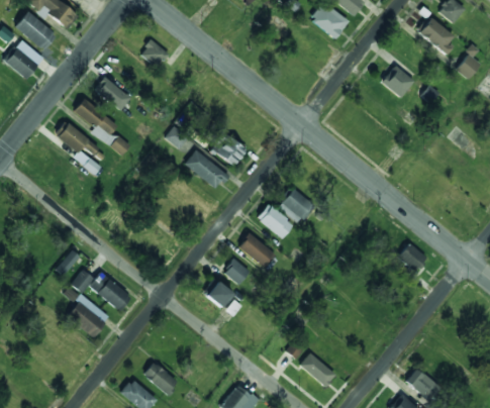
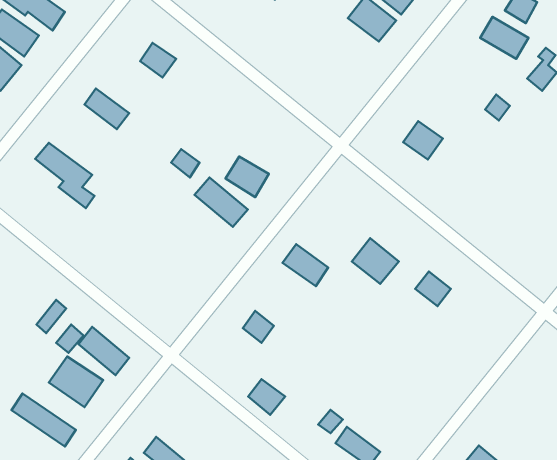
building: [382,66,414,97] -> [403,121,443,160]
building: [74,104,130,156] -> none
building: [277,187,315,224] -> [352,238,399,284]
building: [238,234,276,267] -> none
building: [398,243,427,272] -> [415,271,451,306]
building: [203,279,233,308] -> [248,379,285,415]
building: none -> [12,394,76,446]

